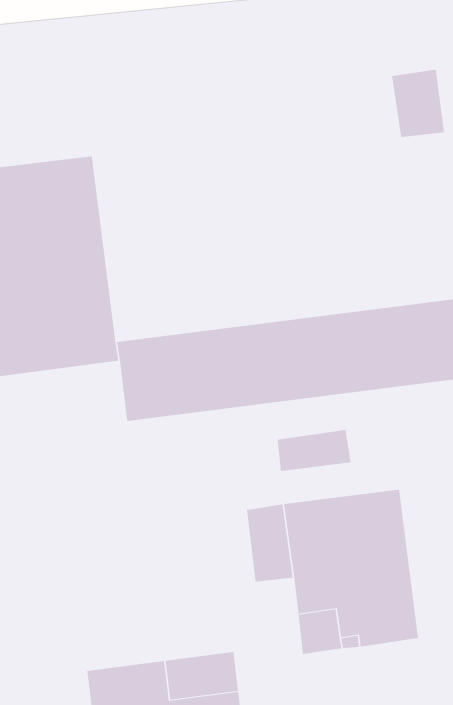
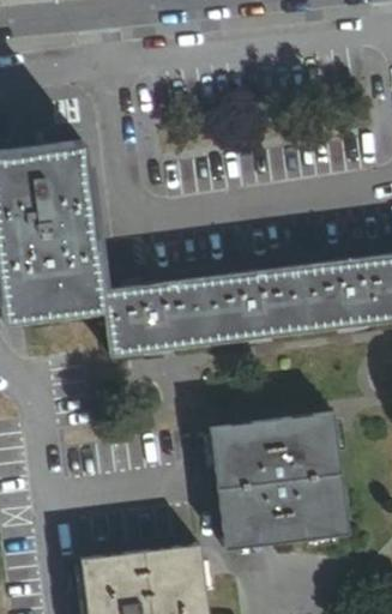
building: [391,69,445,138] -> none
building: [277,429,351,472] -> none
building: none -> [213,483,252,549]

